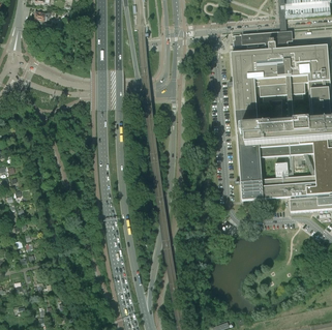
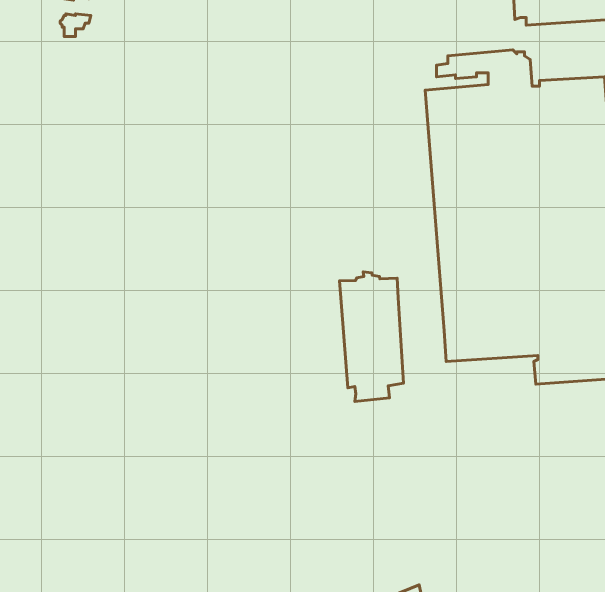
building: none -> [340,272,404,401]

